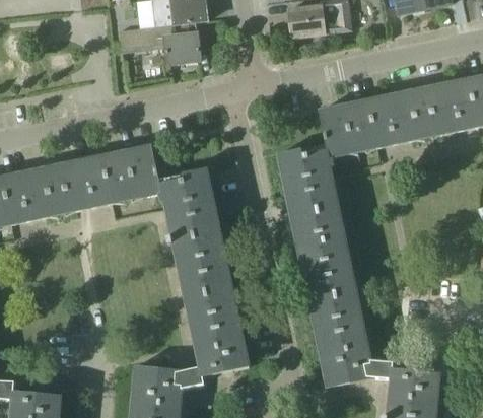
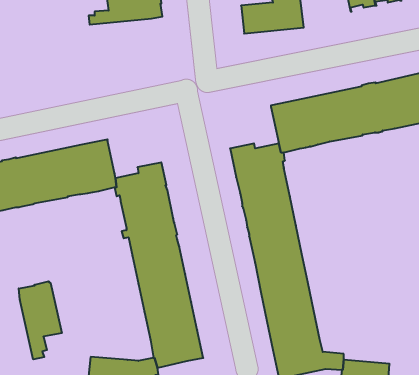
building: [120,21,201,64] -> none
building: none -> [19,281,62,359]

